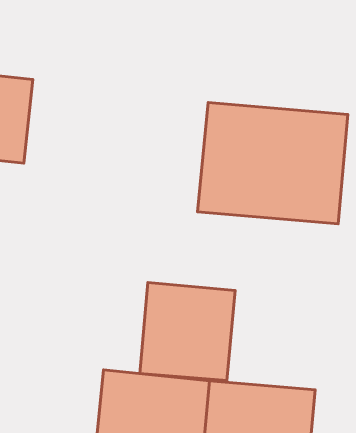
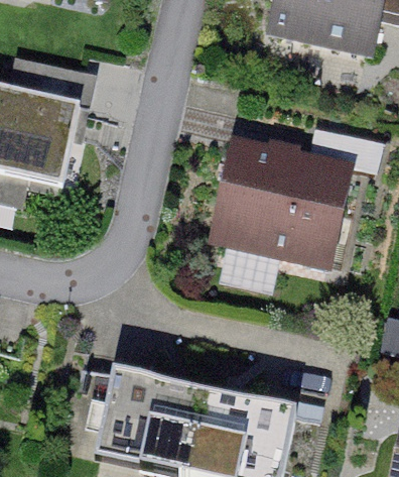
building: [140,282,235,380] -> none

